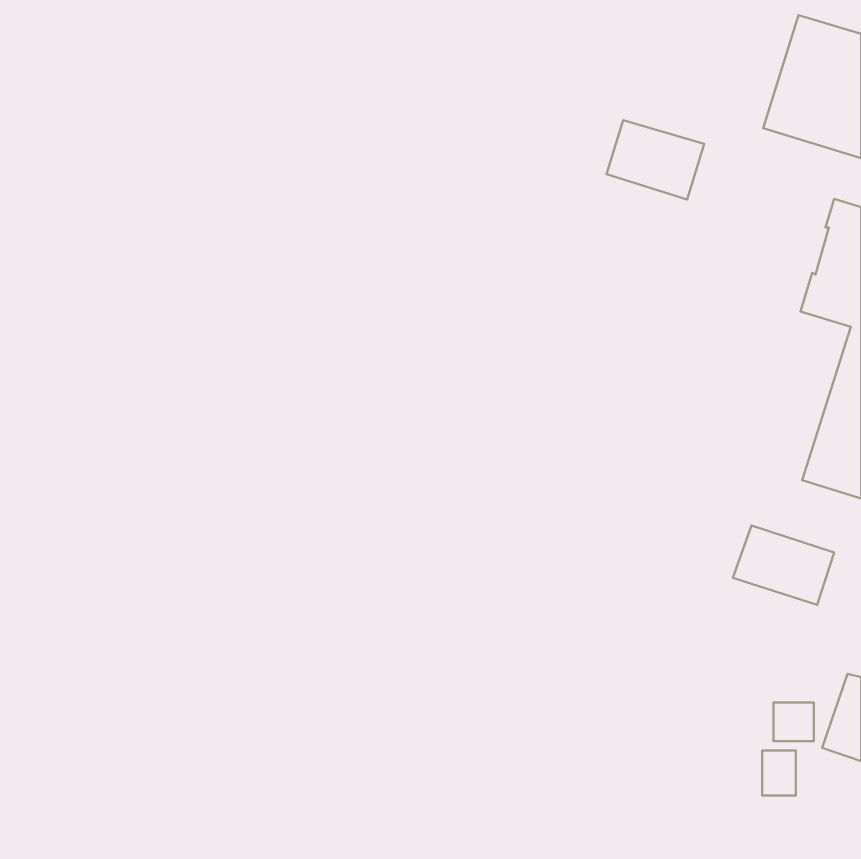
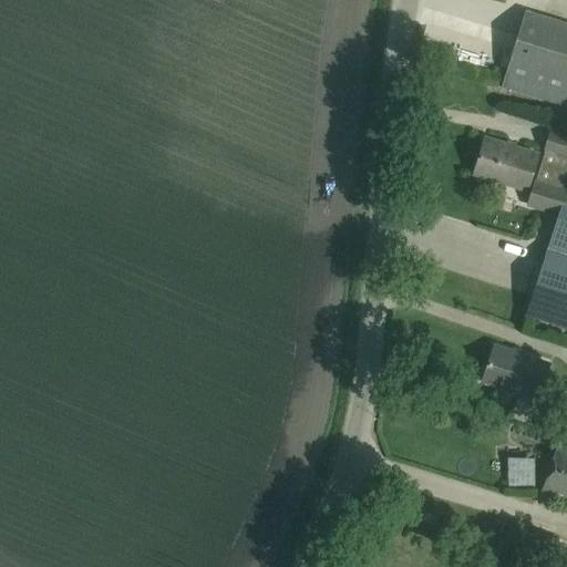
building: [606,120,704,199] -> [473,137,537,189]
building: [762,751,796,796] -> none

